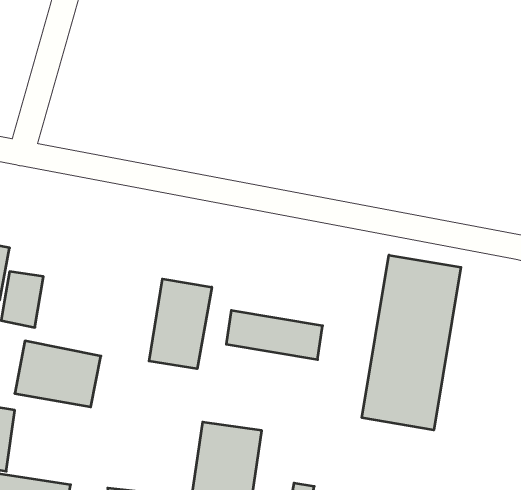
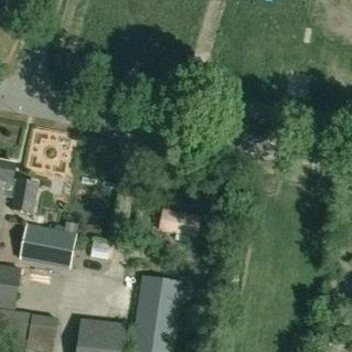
building: [362,255,461,430] -> none
building: [149,279,212,369] -> none

